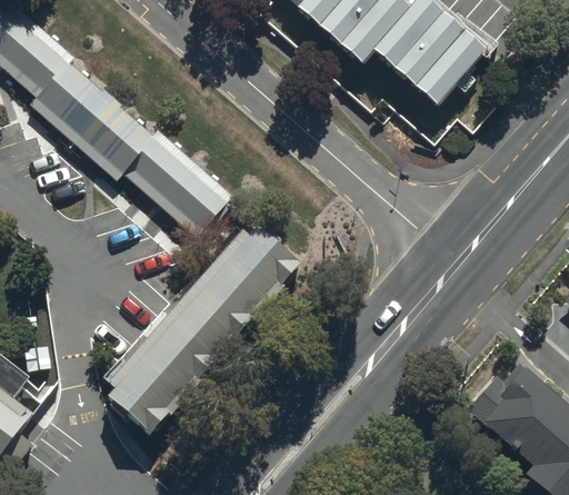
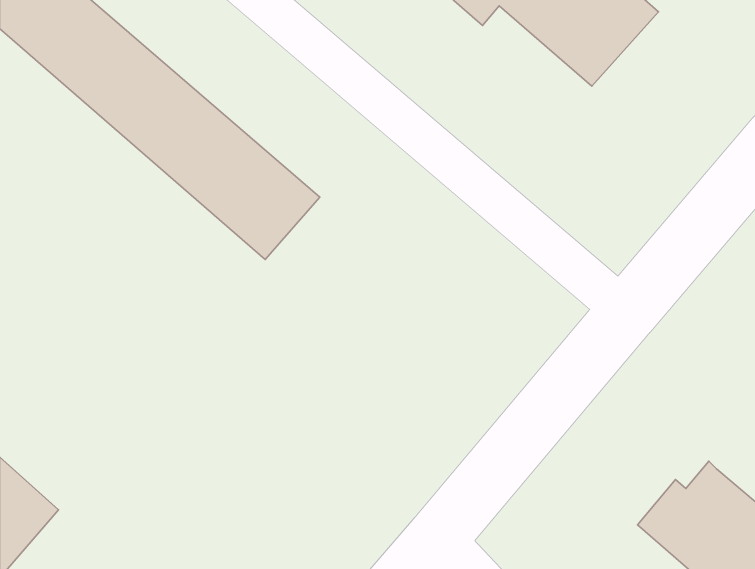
building: [93,216,298,437] -> none

